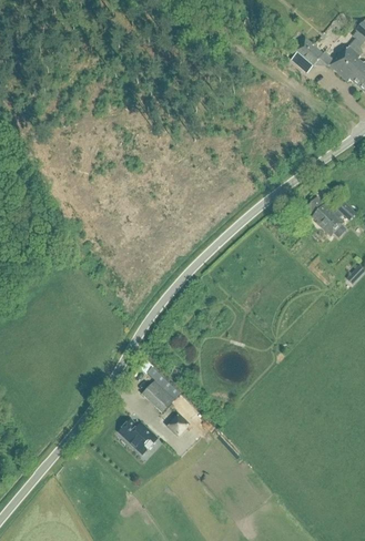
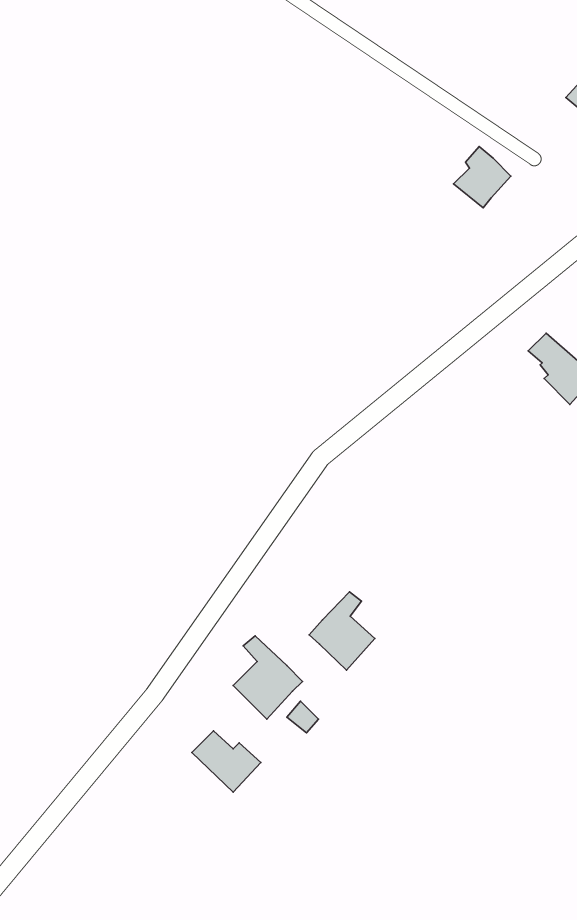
building: [290,38,322,72] -> [454,146,511,208]
building: none -> [309,592,375,670]

